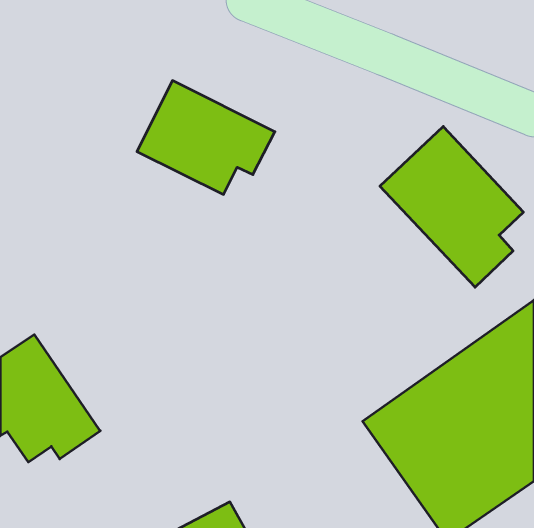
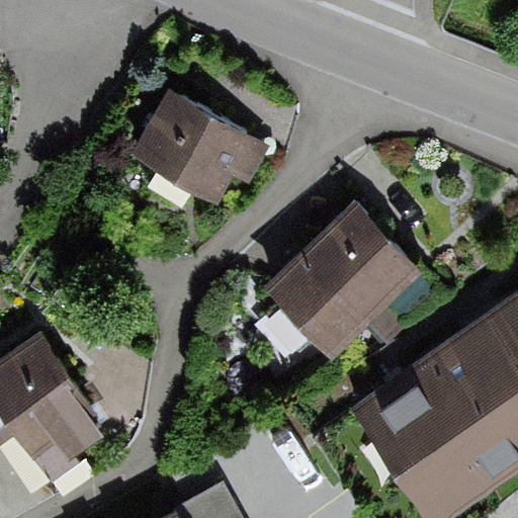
building: [380,126,523,287] -> none
building: none -> [265,207,422,362]

